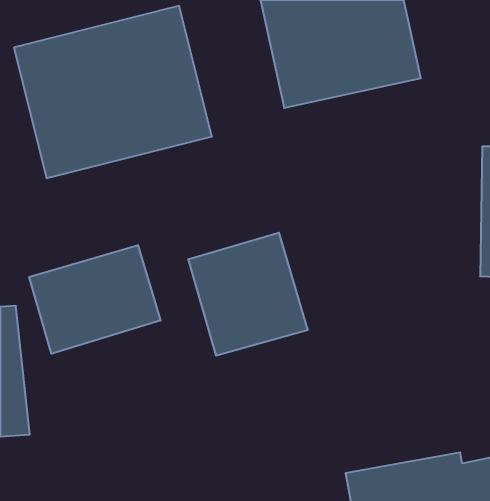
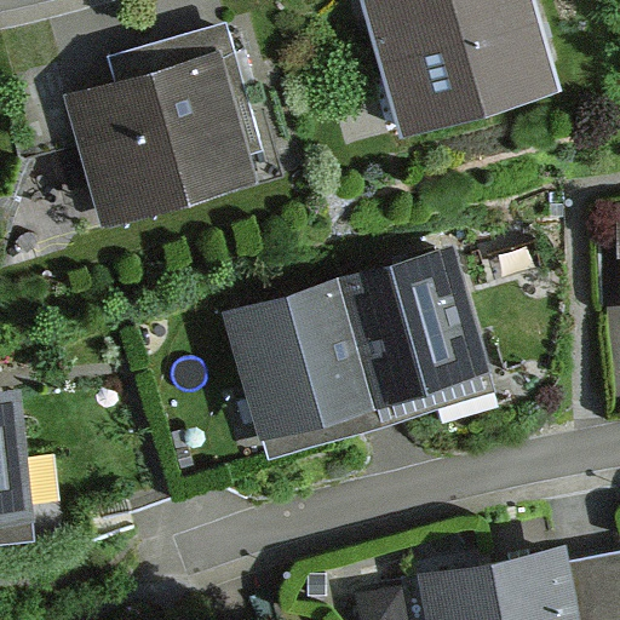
building: none -> [361,260,504,409]
building: [29,245,161,354] -> none

